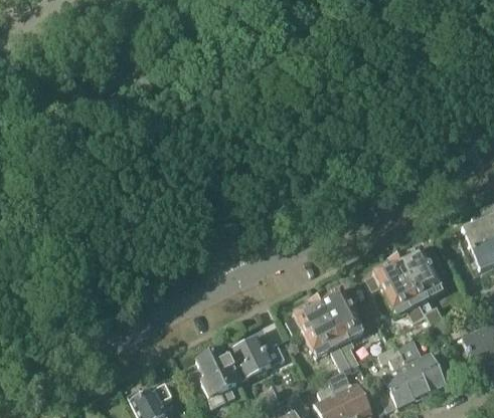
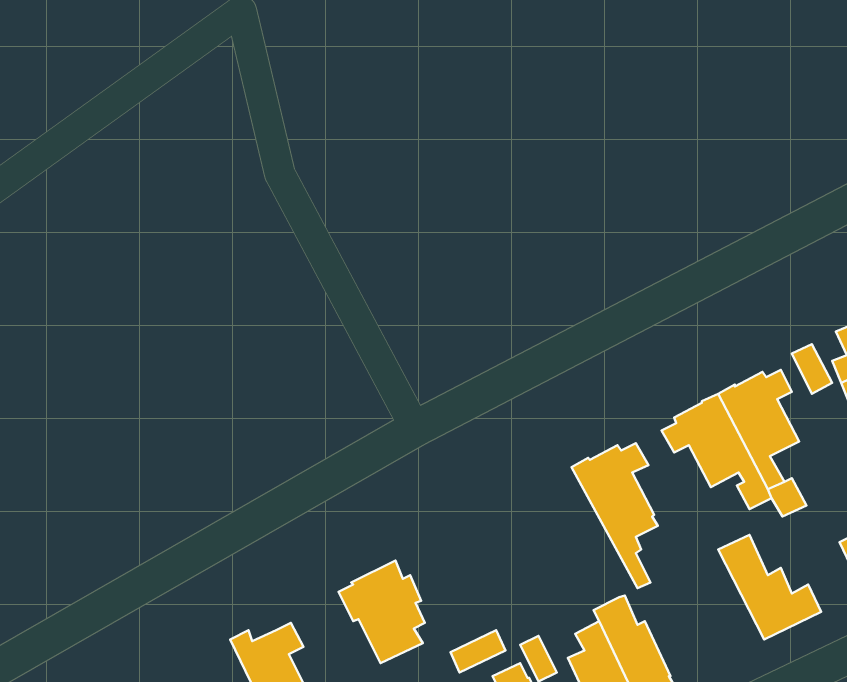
building: [289,299,354,371] -> none
building: [232,329,287,379] -> none
building: [380,345,424,411] -> none

